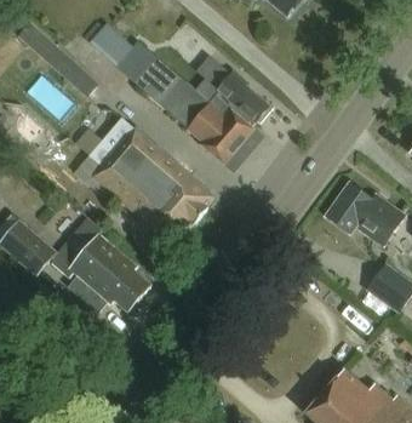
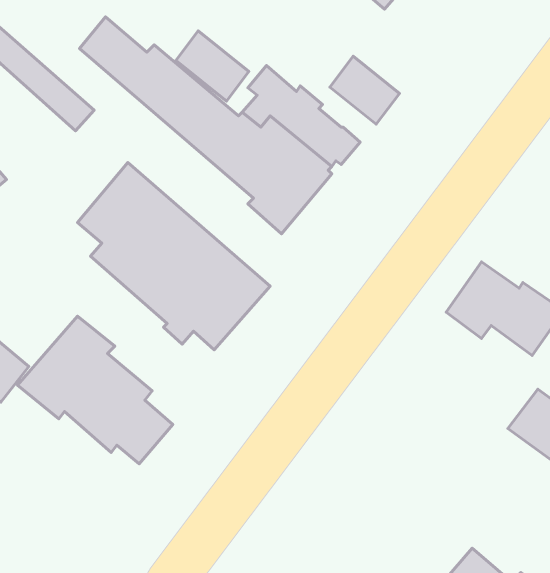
building: none -> [176,31,249,101]
building: none -> [330,56,400,124]

